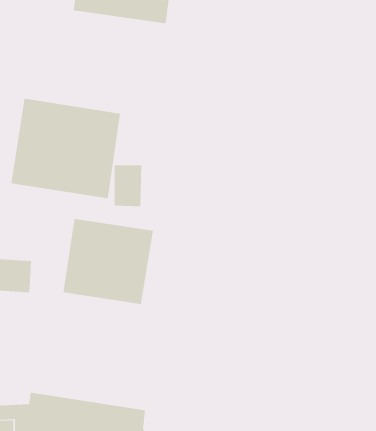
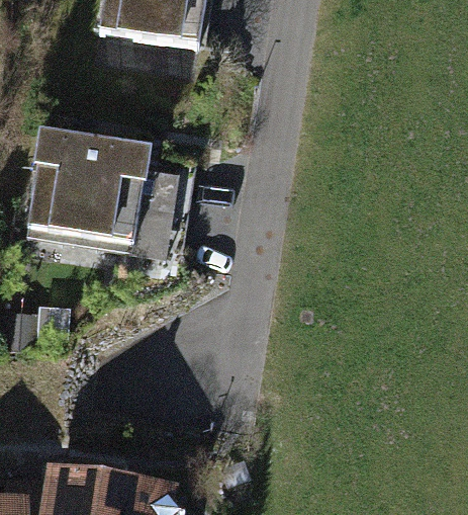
building: [63,218,153,305] -> none

